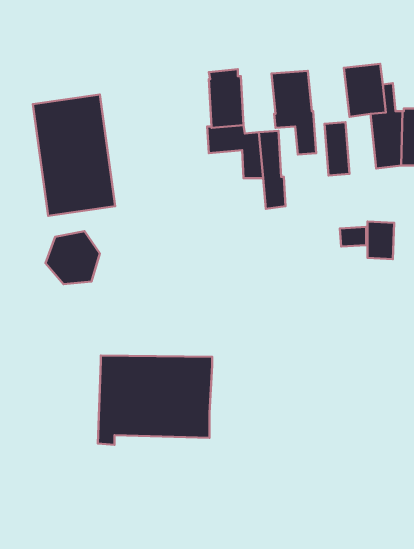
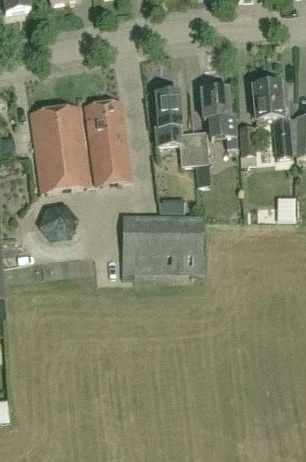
building: none -> [85,98,131,183]
building: [98,356,212,445] -> [122,213,204,277]

